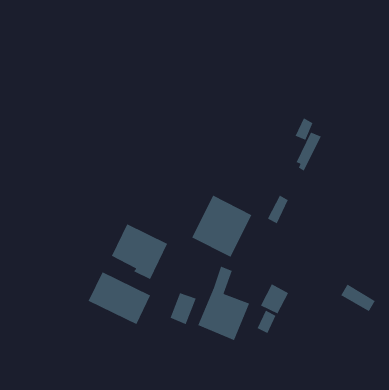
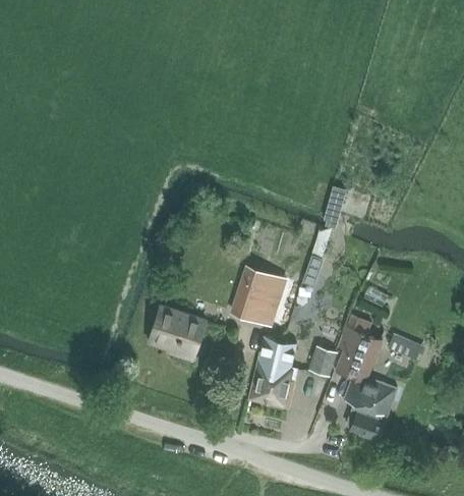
building: none -> [332,315,397,439]
building: [88,271,151,325] -> none
building: [169,292,197,325] -> none

